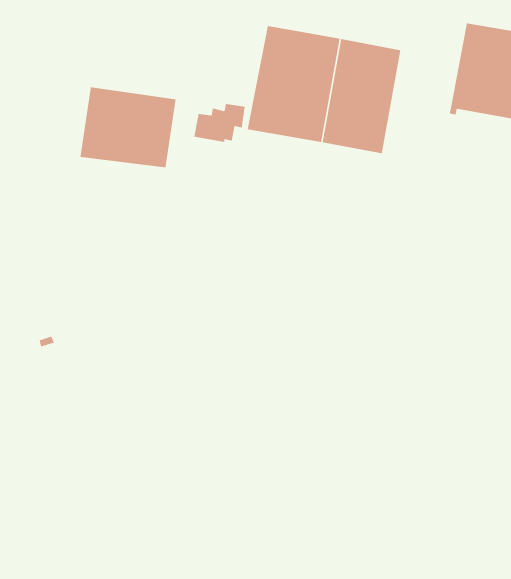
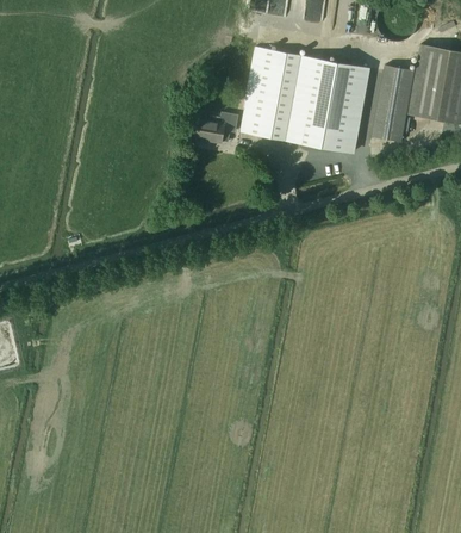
building: none -> [372,66,415,143]
building: [80,87,176,168] -> none

